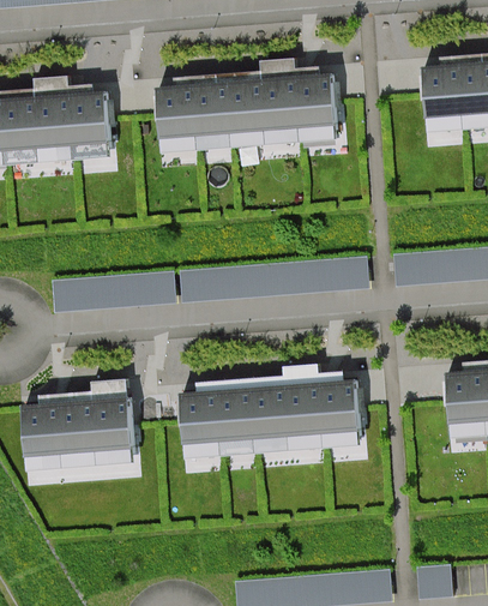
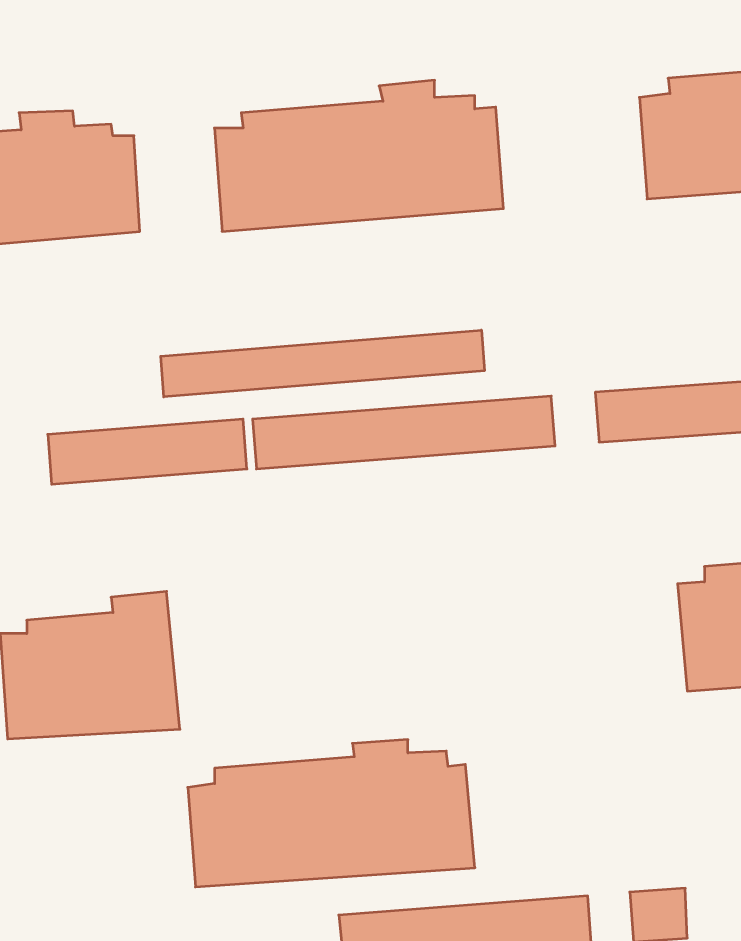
building: none -> [161,330,484,397]
building: [180,365,360,457] -> [188,740,475,887]

